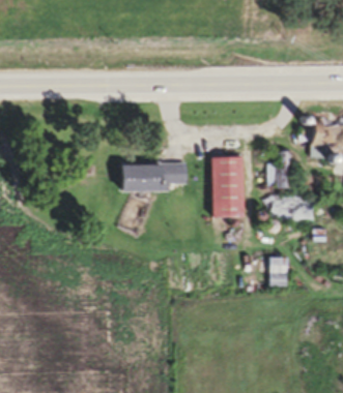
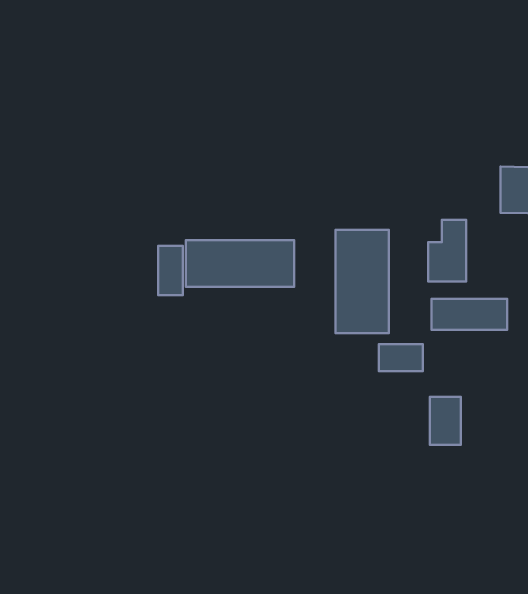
building: none -> [158,246,183,295]
building: none -> [379,344,423,371]

